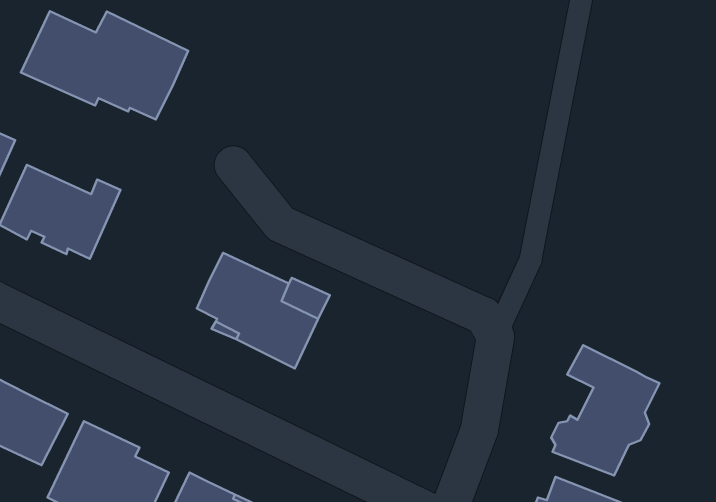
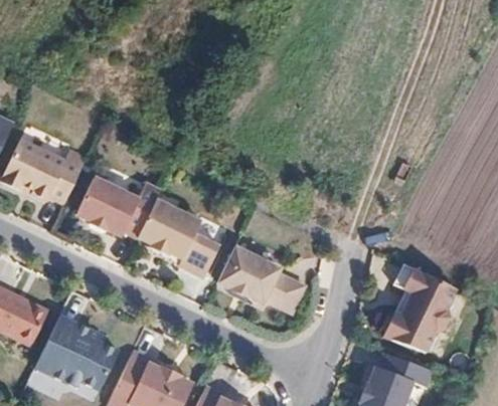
building: [21,11,188,119] -> none
building: none -> [76,177,161,238]
building: none -> [216,246,304,312]

